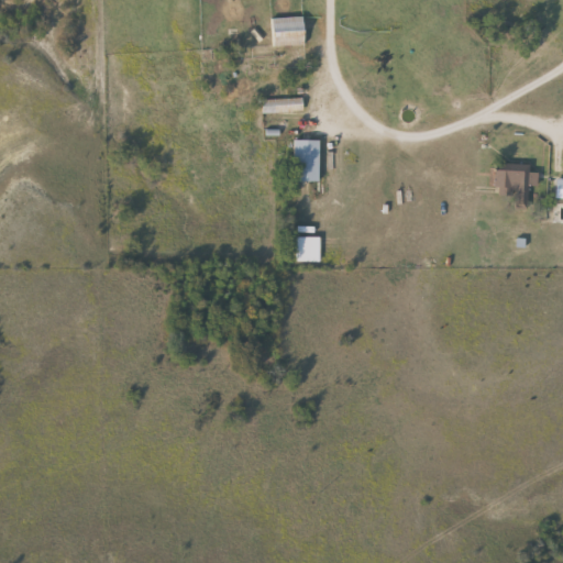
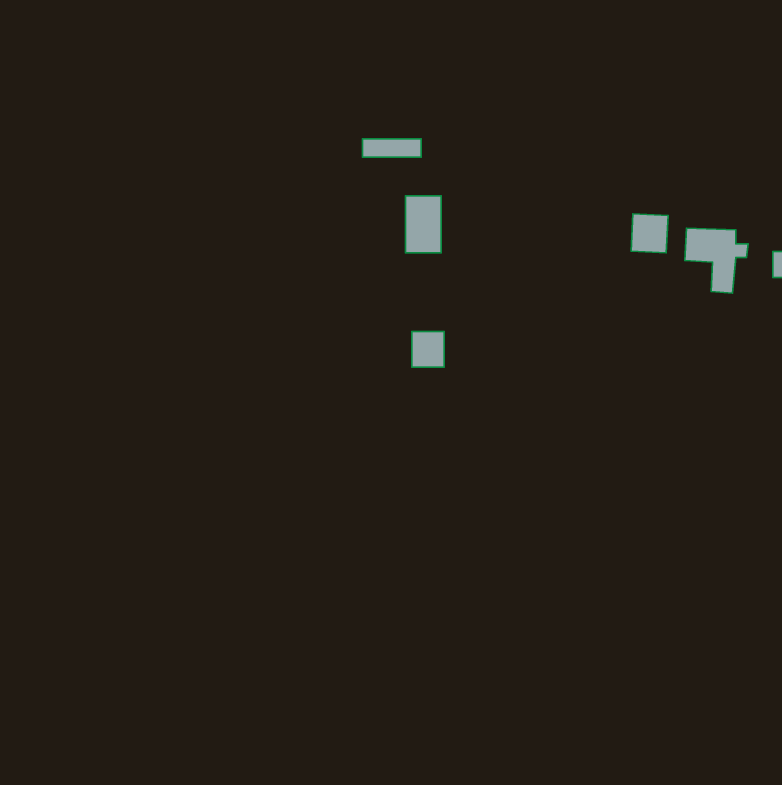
building: [272,18,302,44] -> none
building: none -> [631,214,668,253]

